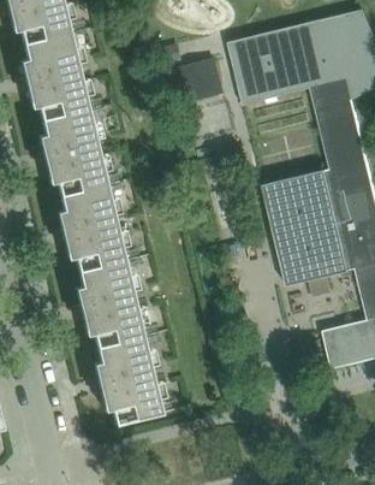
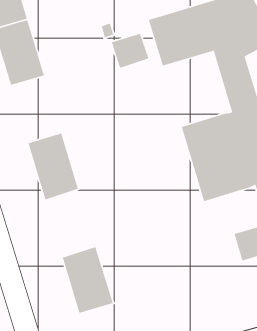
building: [40,108,103,195] -> none
building: [76,260,139,348] -> none

